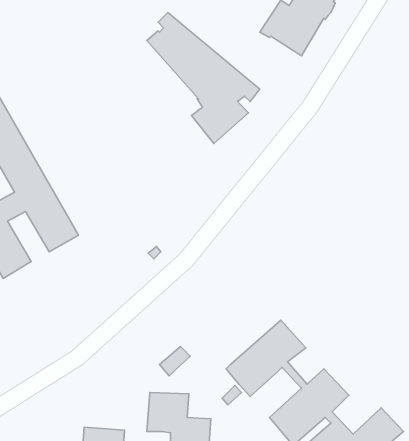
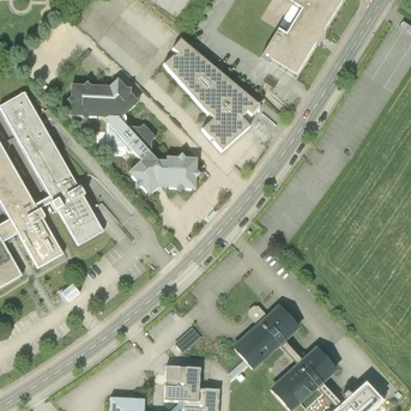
building: none -> [69,77,200,193]

